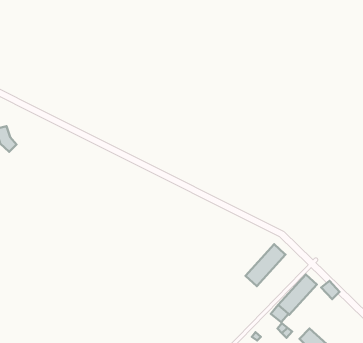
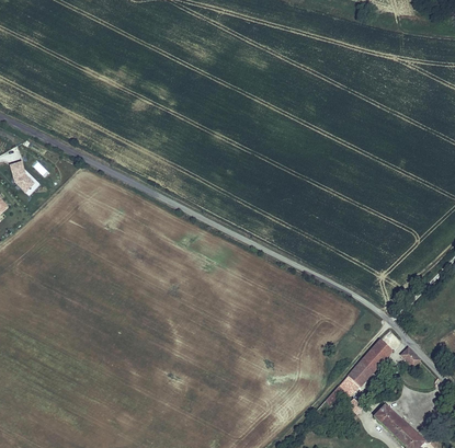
building: [245,244,286,286] -> none

